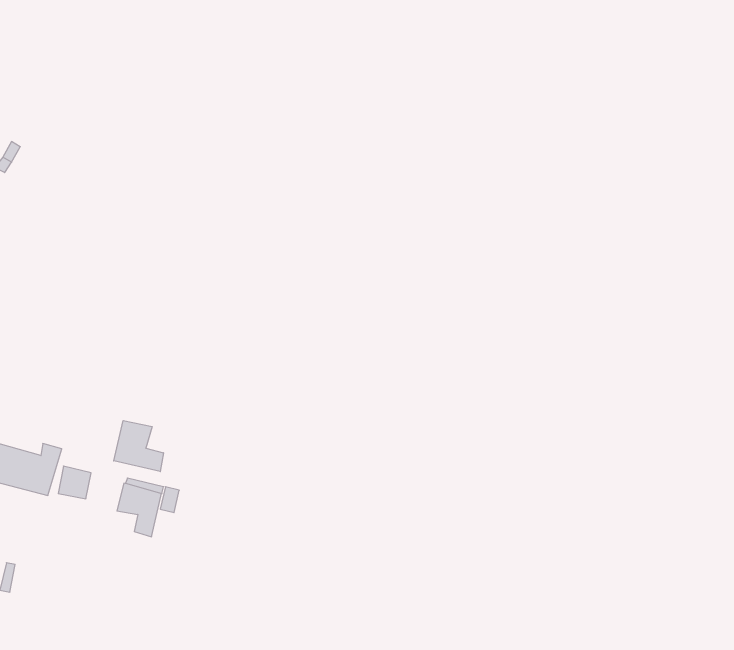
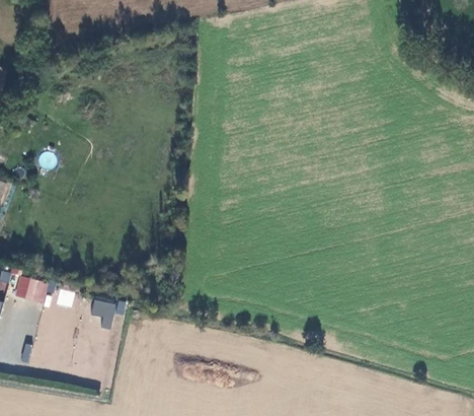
building: [114,421,163,472] -> none

